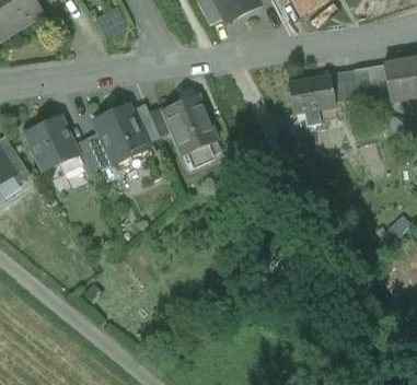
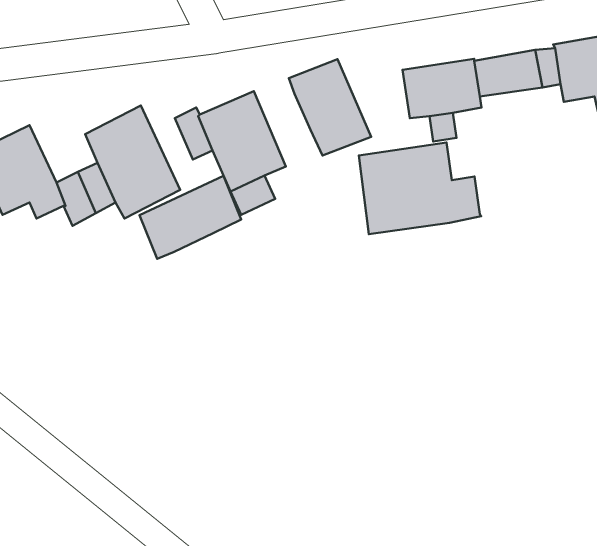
building: none -> [289,59,371,156]
building: none -> [359,142,481,234]
building: none -> [139,176,241,259]

